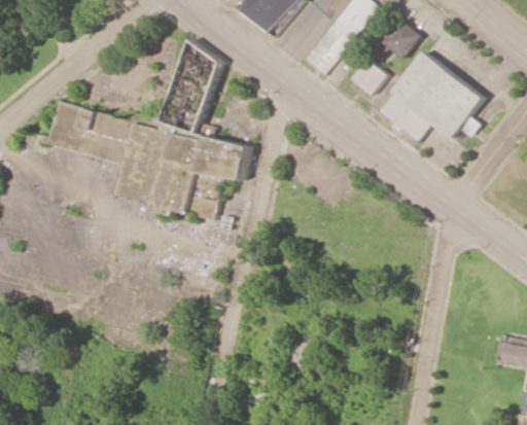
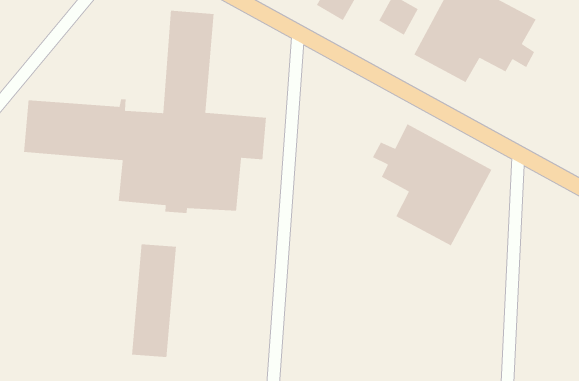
building: none -> [372,123,492,246]
building: none -> [131,243,177,358]

